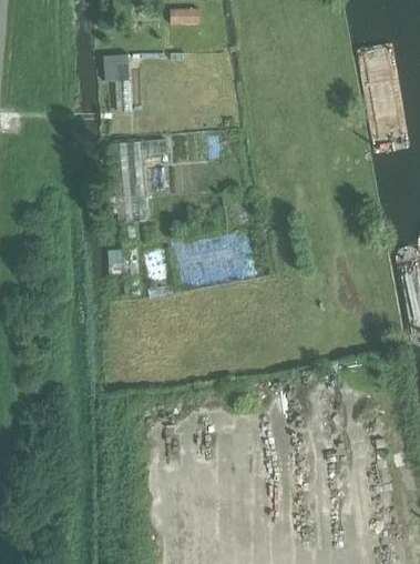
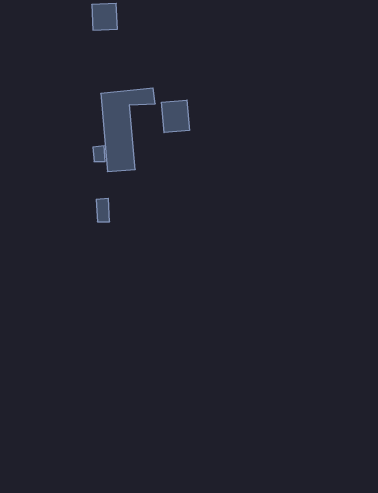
building: none -> [162,100,189,133]

